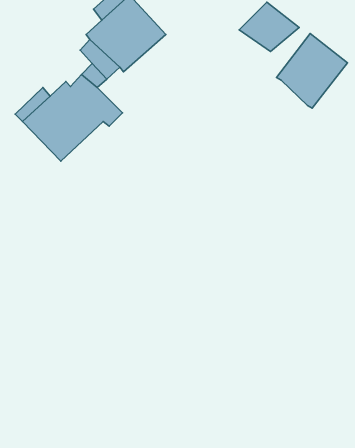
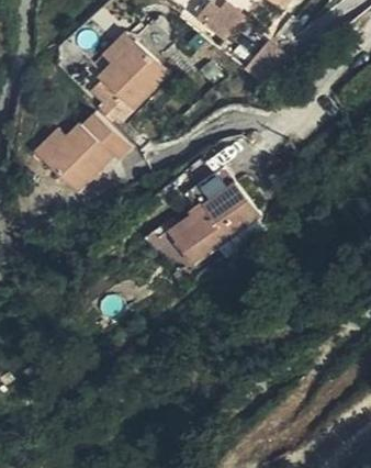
building: [277,33,348,108] -> none
building: none -> [169,169,256,265]

